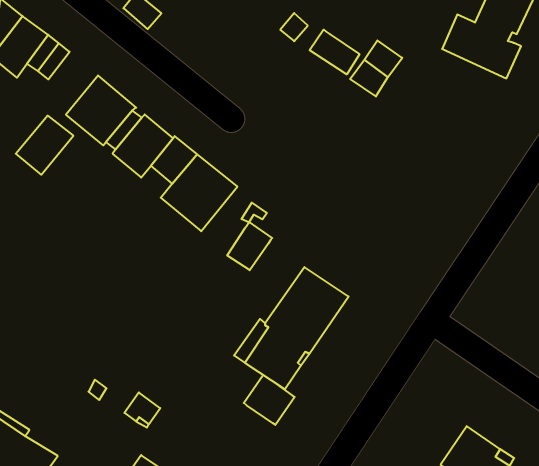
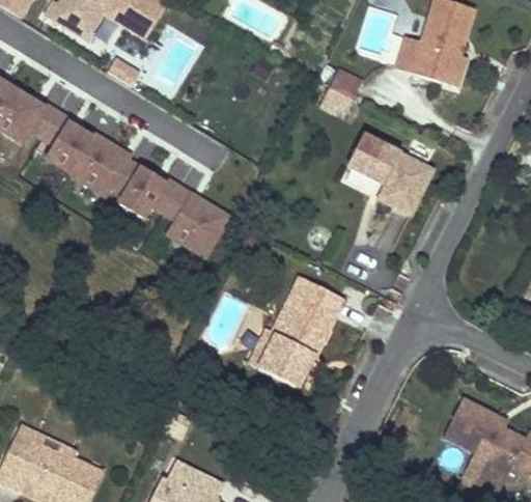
building: [310,30,359,74] -> none
building: [16,116,73,175] -> [47,117,95,170]
building: none -> [347,135,434,215]
building: [227,222,272,270] -> none
building: [244,375,295,425] -> none

